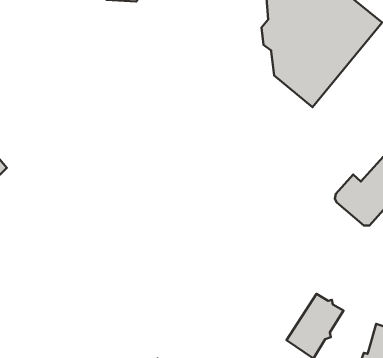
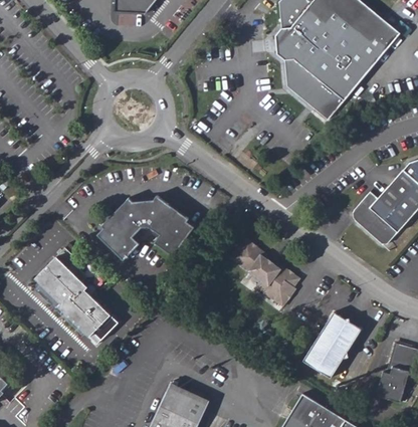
building: none -> [97,198,195,262]
building: none -> [231,241,300,309]
building: none -> [34,249,112,340]

